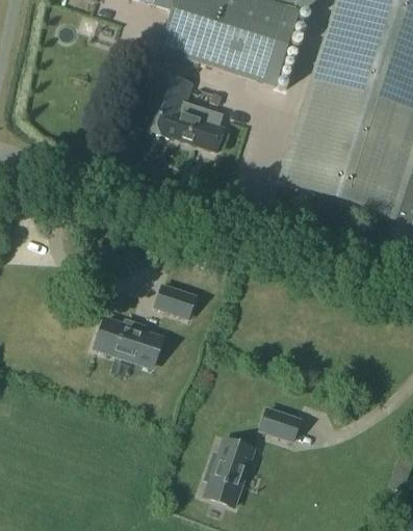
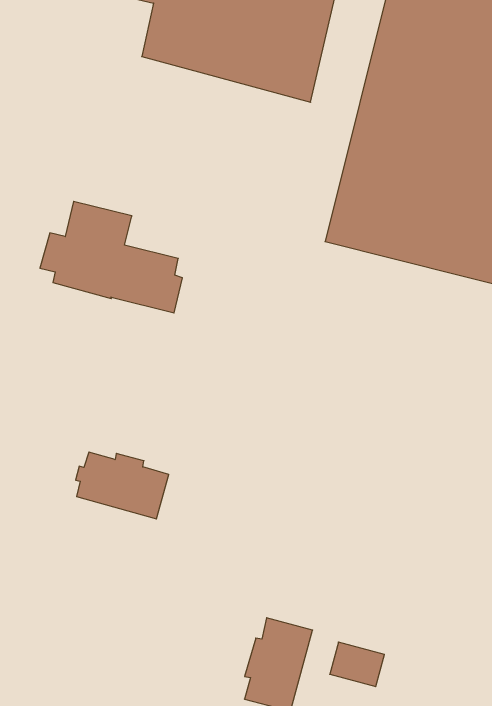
building: [128,71,226,152] -> [40,201,182,313]
building: [157,284,196,316] -> none
building: [262,407,301,440] -> [330,642,384,687]

